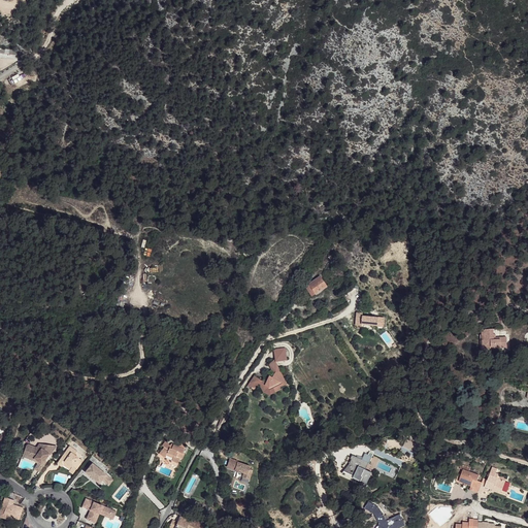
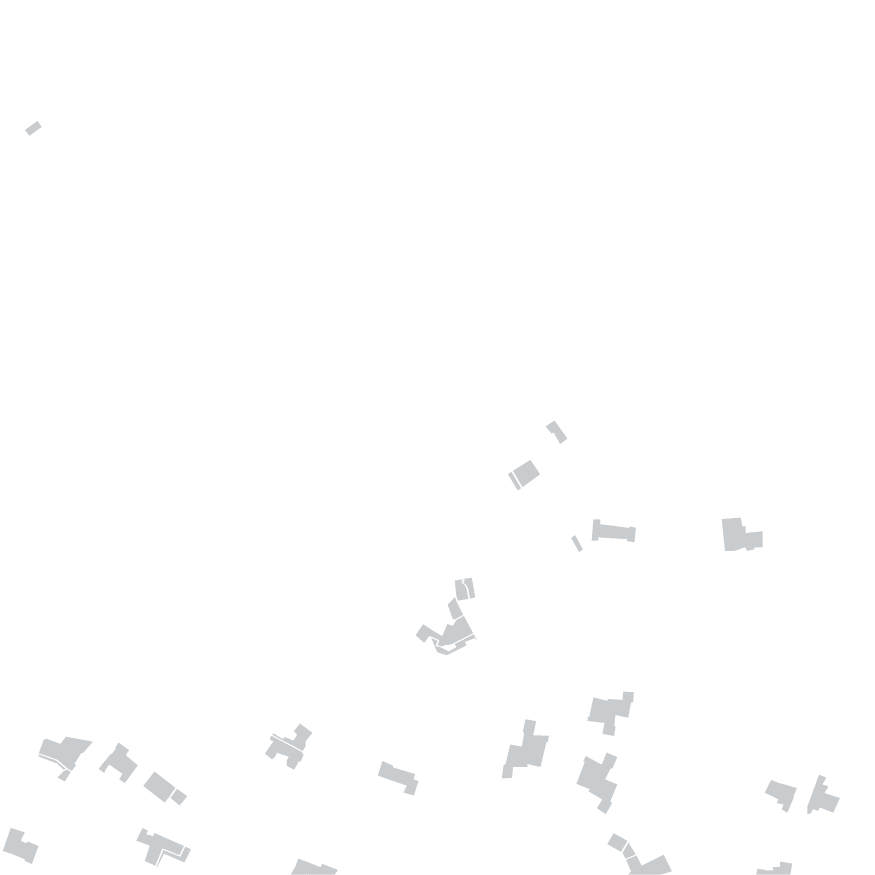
building: [480,329,505,350] -> [721,517,764,551]
building: none -> [587,691,634,737]
building: none -> [501,719,550,779]

